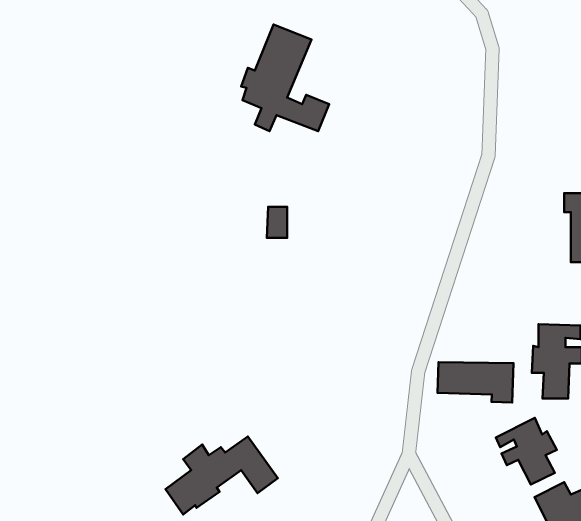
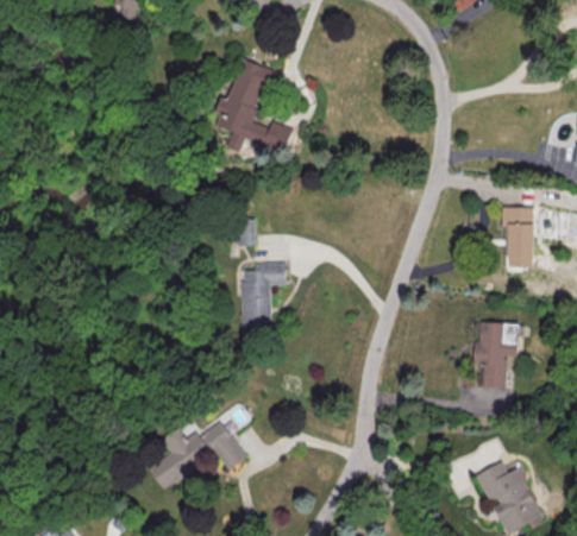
building: none -> [243,263,288,339]
building: [437,362,513,402] -> none
building: [496,418,557,484] -> none

